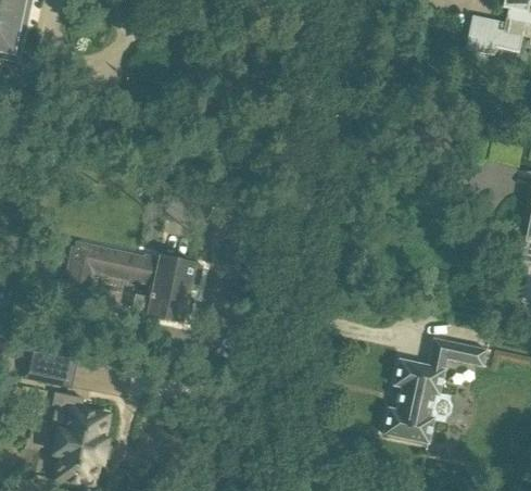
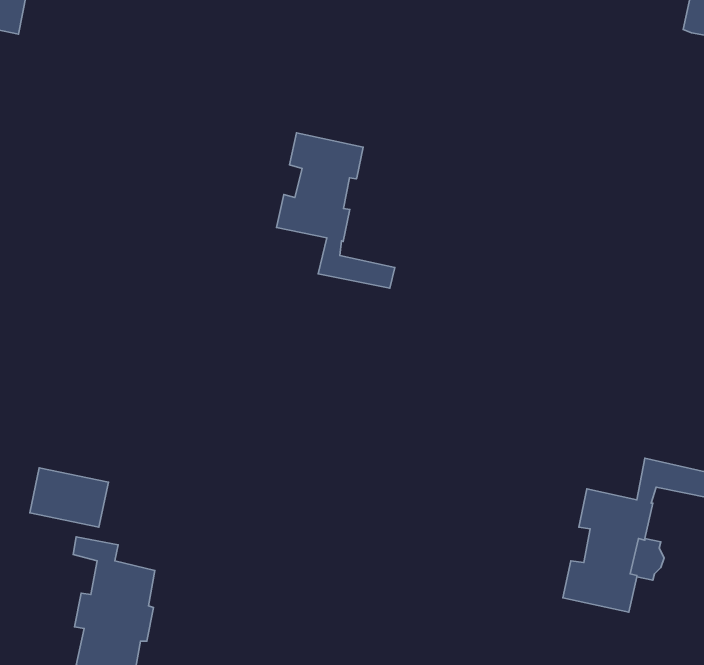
building: none -> [276,133,395,288]
building: [68,243,203,320] -> none

